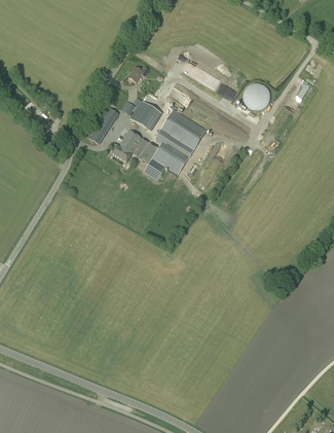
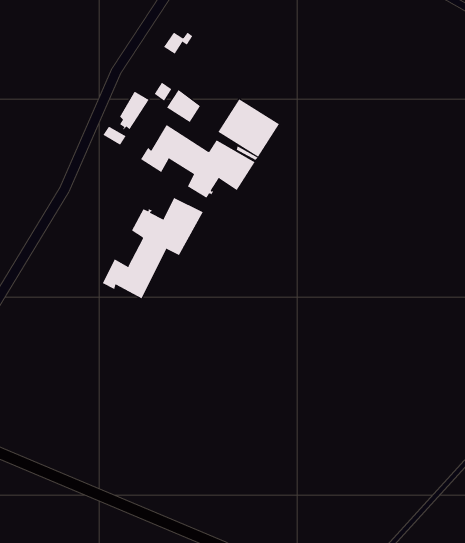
building: [243,82,270,109] -> none
building: none -> [102,197,204,299]

